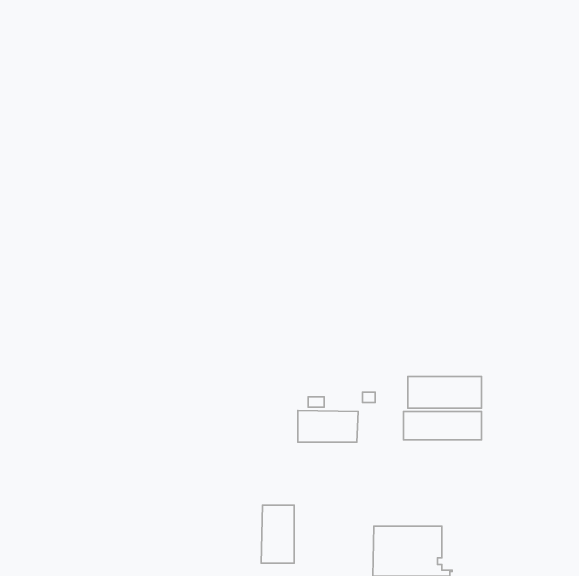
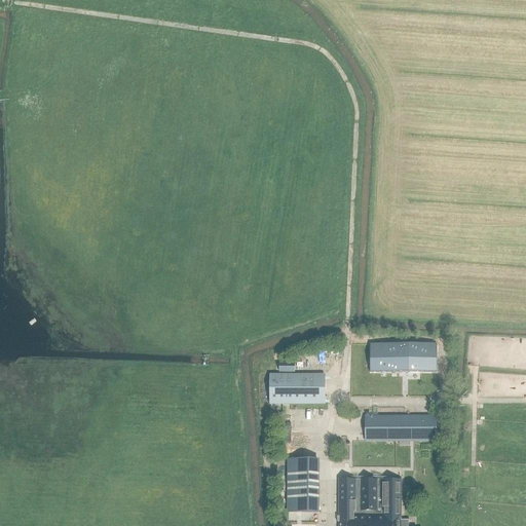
building: [403,412,482,440] -> [365,413,436,439]
building: [261,505,294,563] -> [288,457,317,510]

